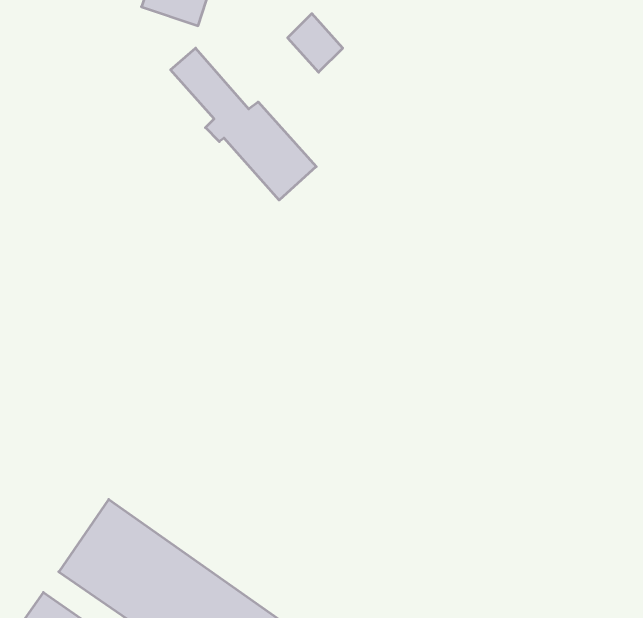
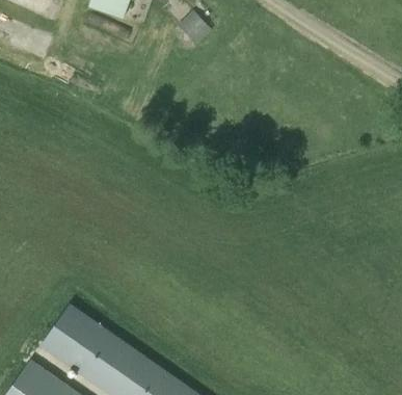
building: [171,48,316,200] -> none

